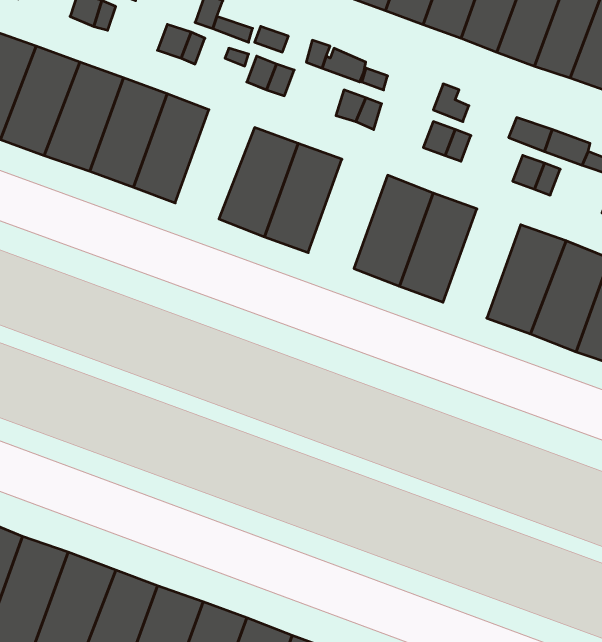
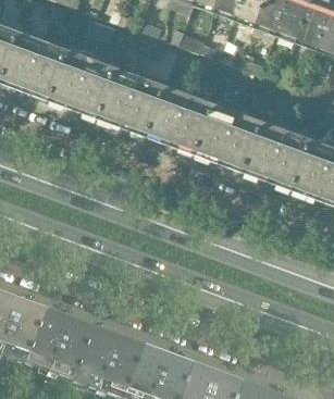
building: none -> [99,66,143,126]
building: none -> [172,93,215,153]
building: none -> [246,121,288,180]

